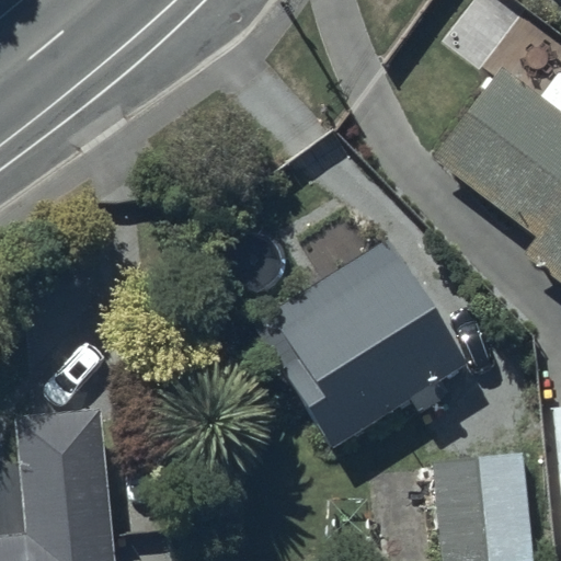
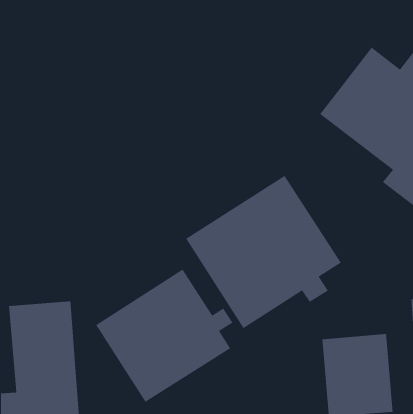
building: none -> [95,268,234,403]

